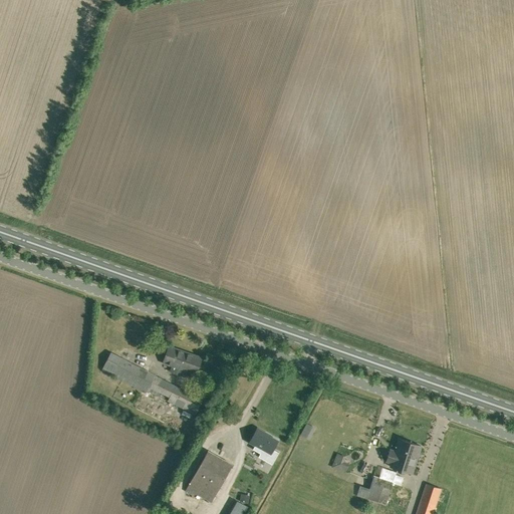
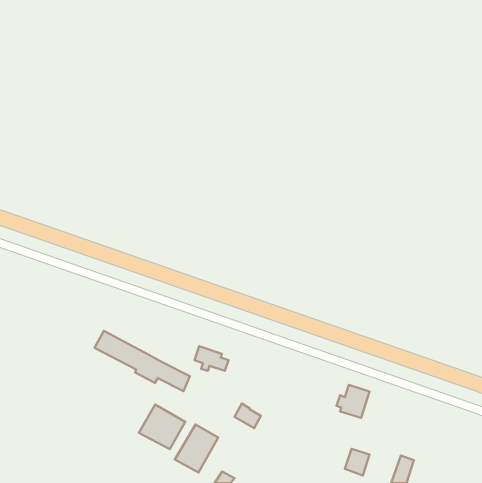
building: [163,347,199,373] -> [194,346,229,371]
building: none -> [139,405,185,449]
building: [386,439,421,474] -> [336,385,370,418]

